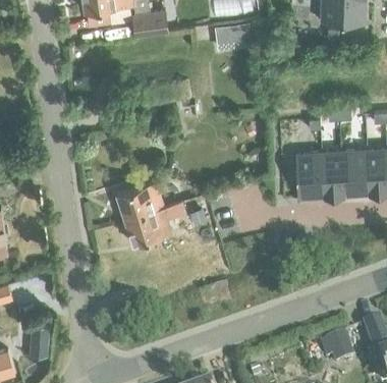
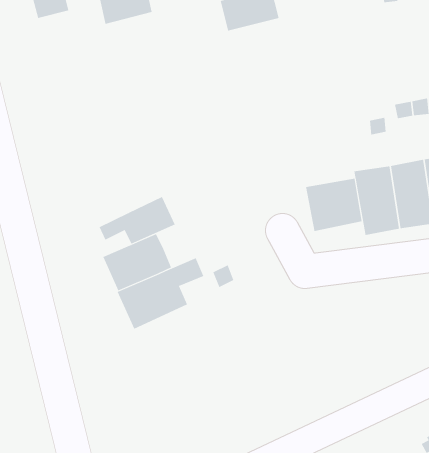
building: none -> [99,196,175,245]
building: none -> [305,178,362,232]

